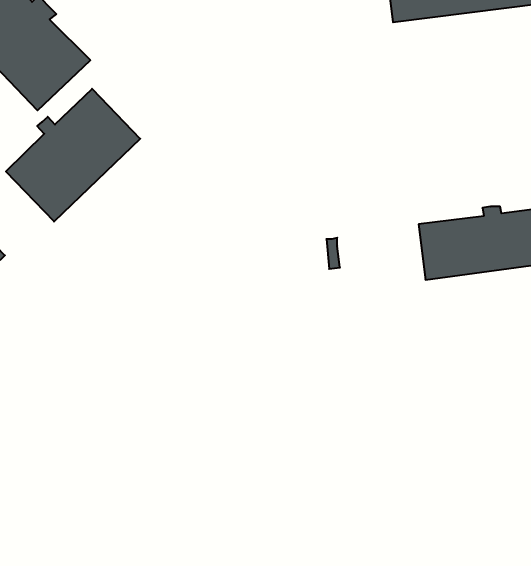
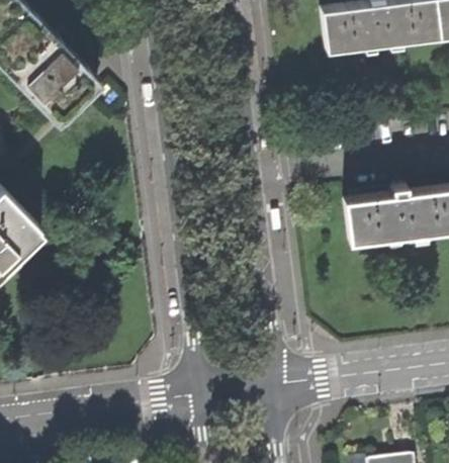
building: [6,89,140,222] -> none

